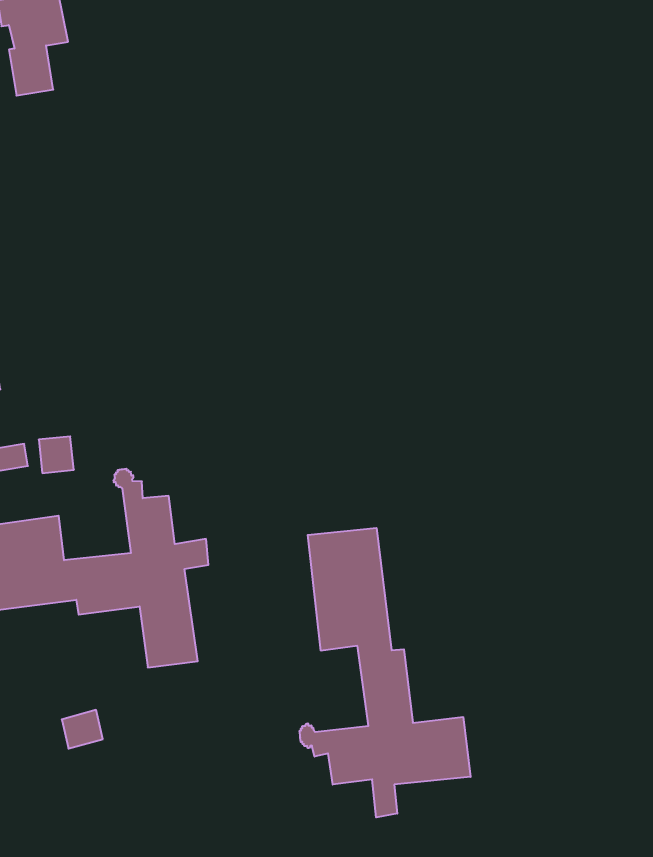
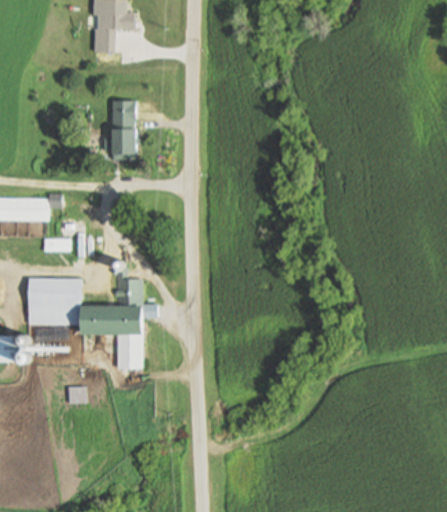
building: none -> [108,108,137,155]
building: [300,528,471,817] -> none

